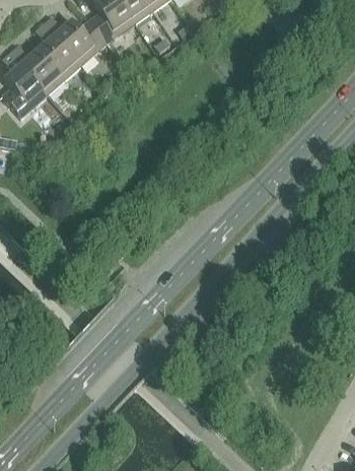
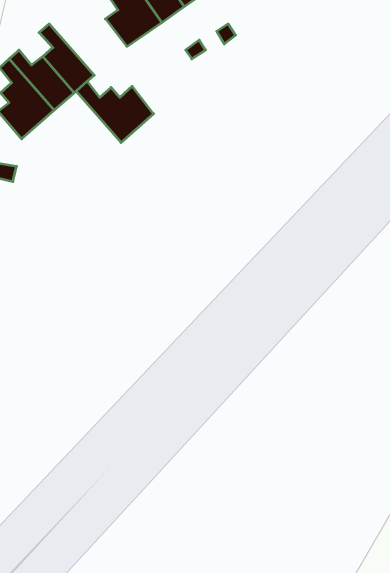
building: [45,16,108,66] -> [76,81,154,143]

